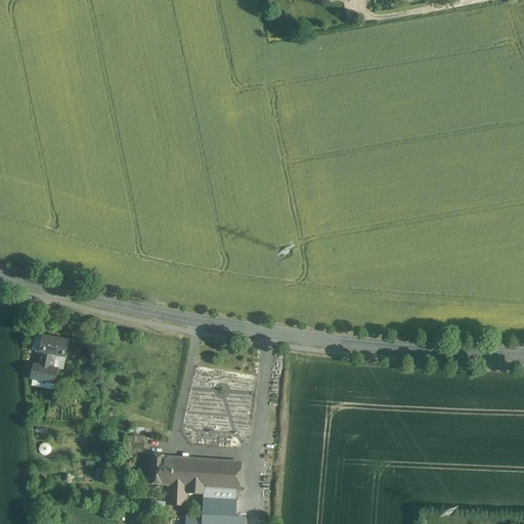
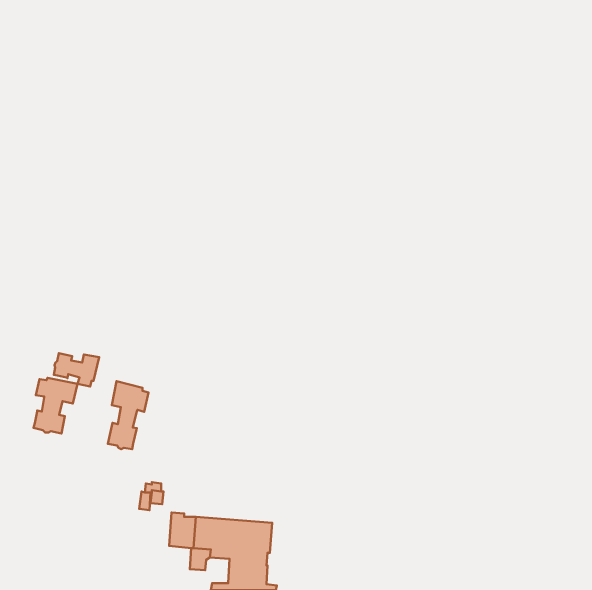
building: none -> [54,353,99,386]
building: none -> [108,381,148,449]

